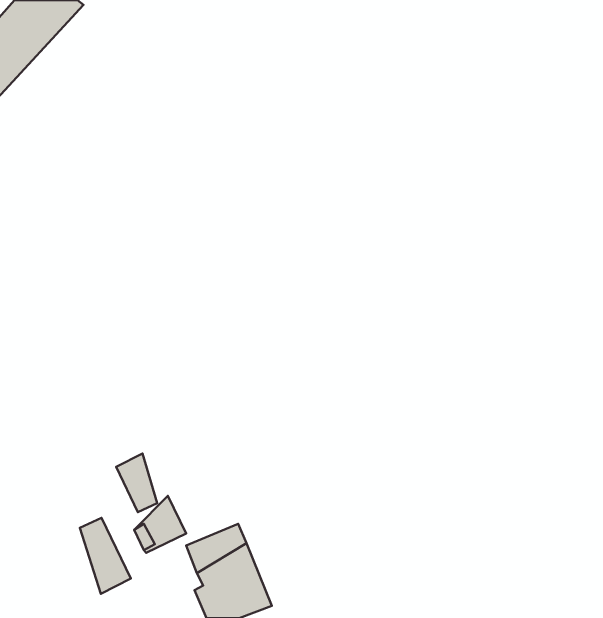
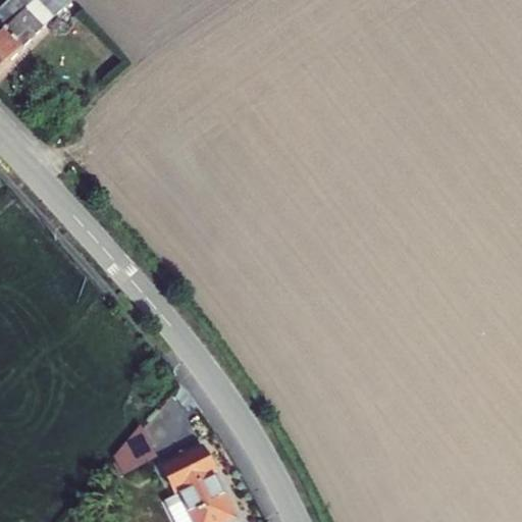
building: [116,453,157,512] -> none
building: [80,518,131,594] -> none

